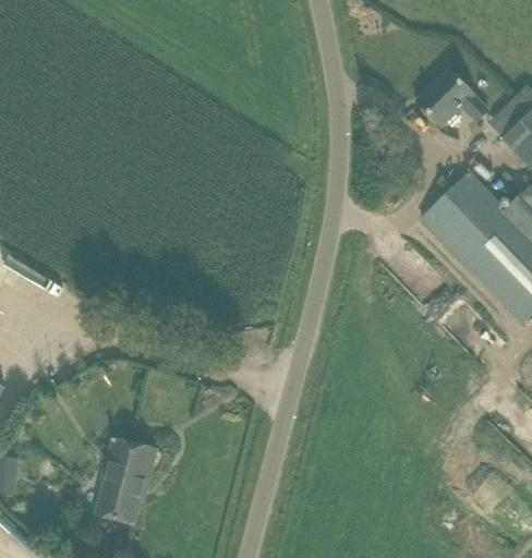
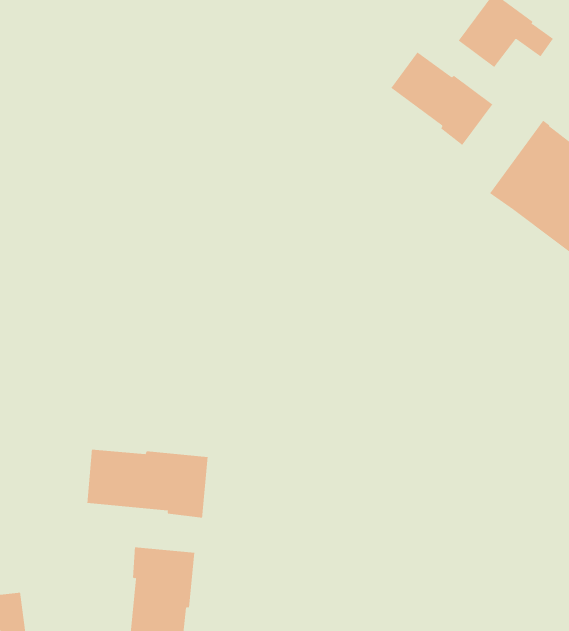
building: none -> [390,51,493,146]
building: none -> [87,449,208,519]

